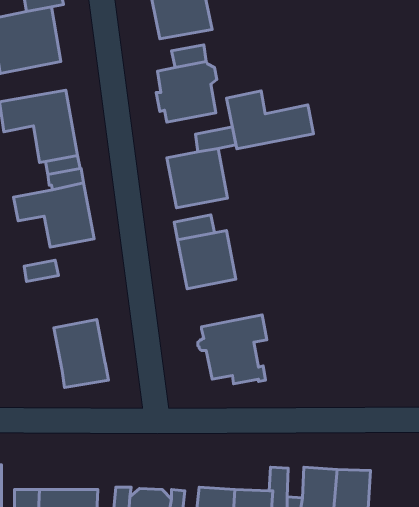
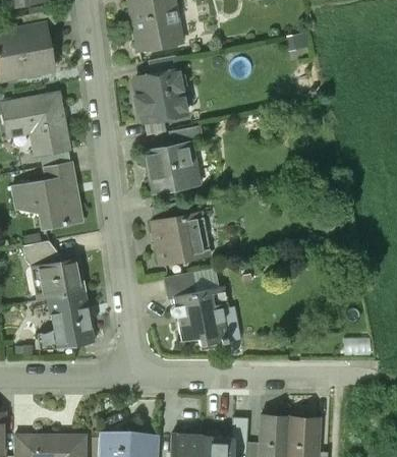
building: [227,91,313,149] -> none
building: none -> [38,259,84,299]
building: none -> [165,273,195,300]

